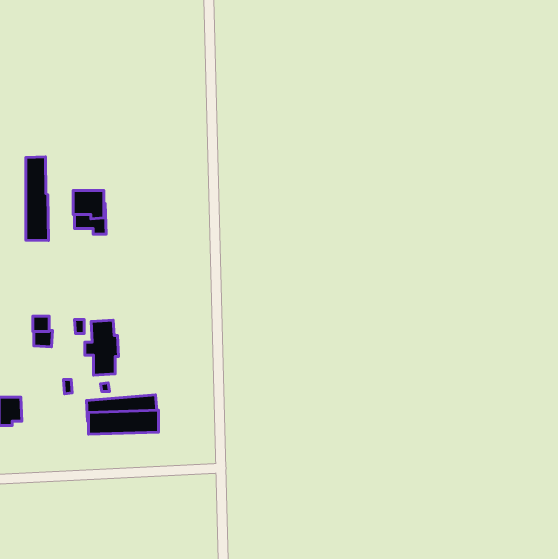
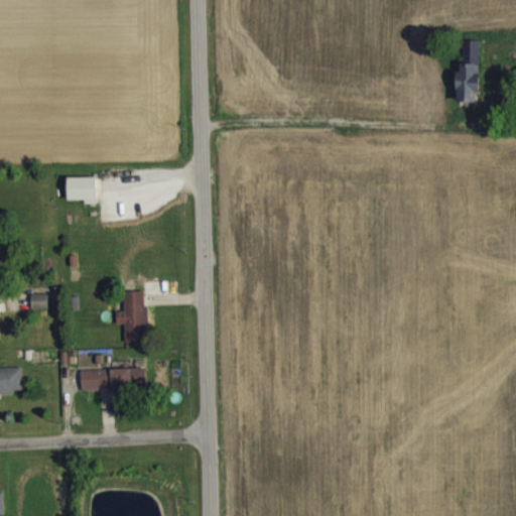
building: none -> [455,38,478,99]
building: [26,157,49,240] -> none
building: [85,320,119,375] -> [116,289,147,340]

